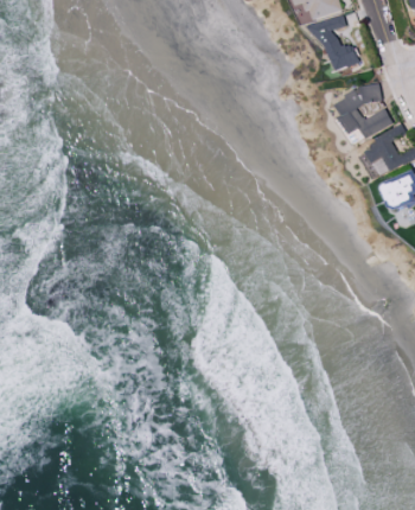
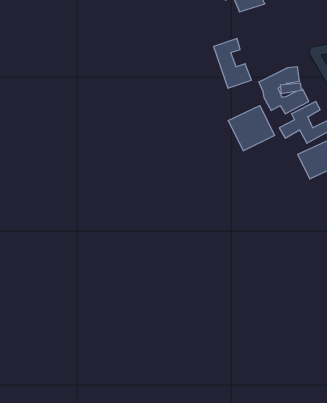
building: [315,13,359,71] -> [214,38,251,88]
building: none -> [228,106,274,151]

